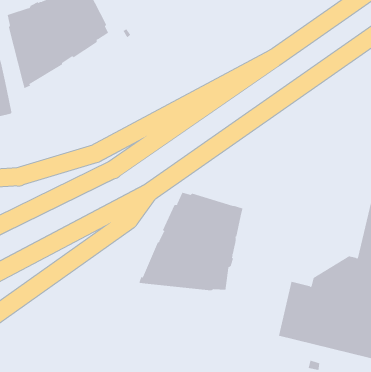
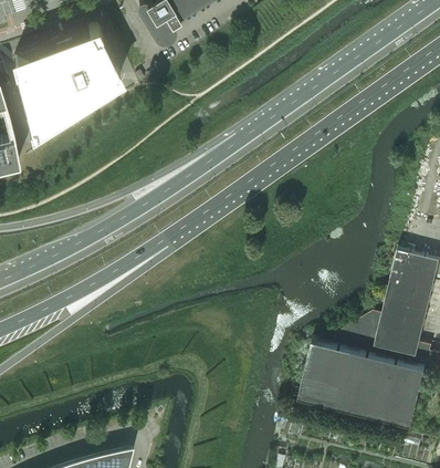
building: [139,192,243,291] -> none

